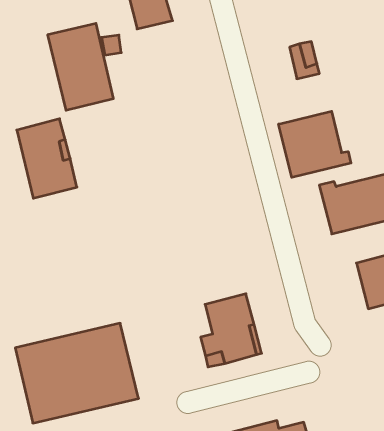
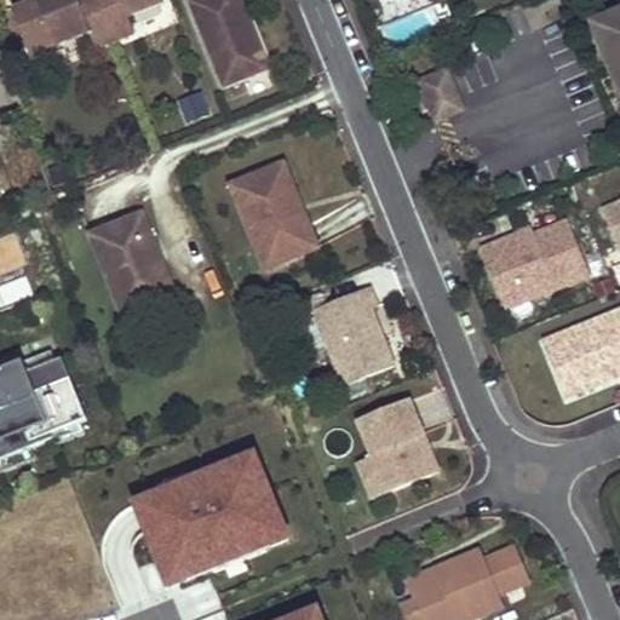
building: [48,23,113,110] -> [224,157,318,272]
building: [279,111,351,177] -> none
building: none -> [306,266,395,383]

